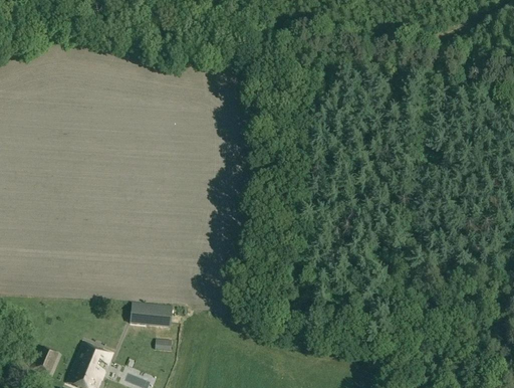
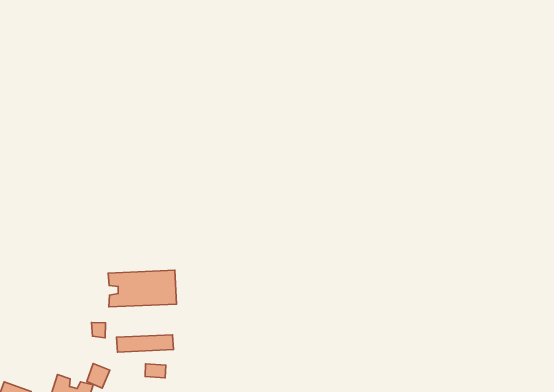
building: none -> [108,270,177,307]

